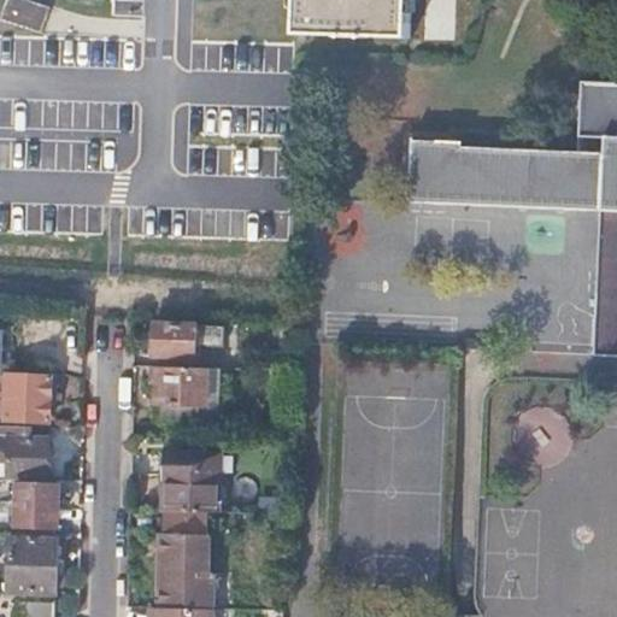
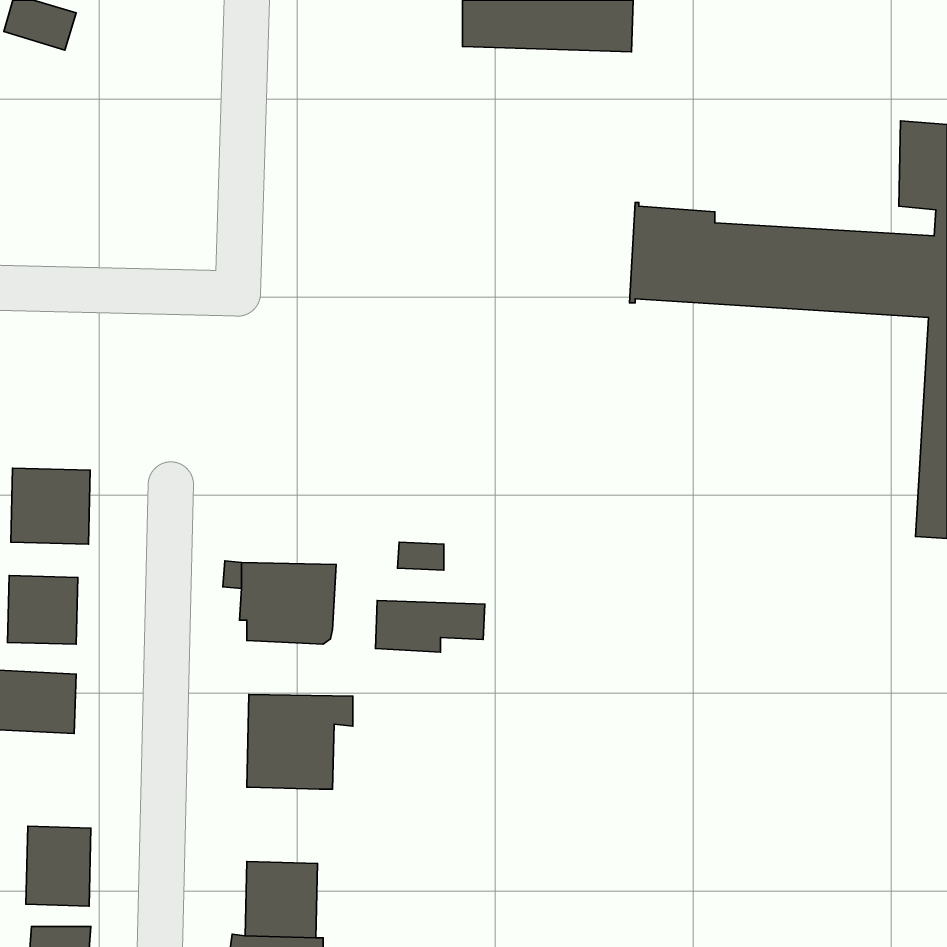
building: none -> [11,468,90,544]
building: [151,323,222,357] -> [375,600,485,652]
building: [18,483,59,533] -> none
building: [158,512,207,562] -> none

